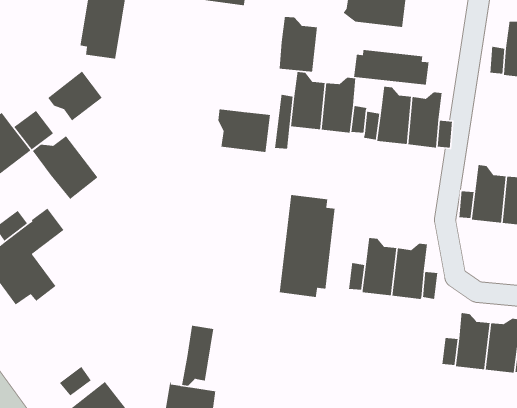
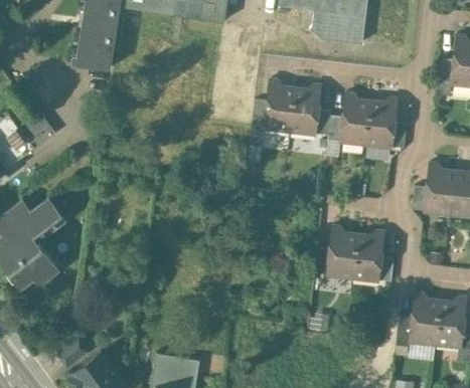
building: [279,16,318,73] -> none
building: [353,49,430,86] -> none
building: [47,71,103,121] -> none
building: [217,109,271,153] -> none
building: [32,135,98,200] -> none
building: [279,194,336,298] -> none
building: [181,325,214,386] -> none

